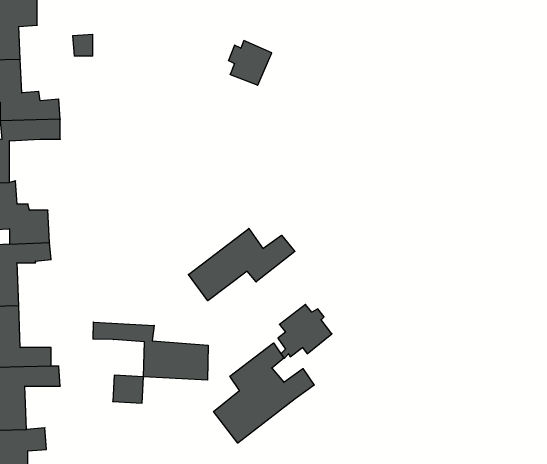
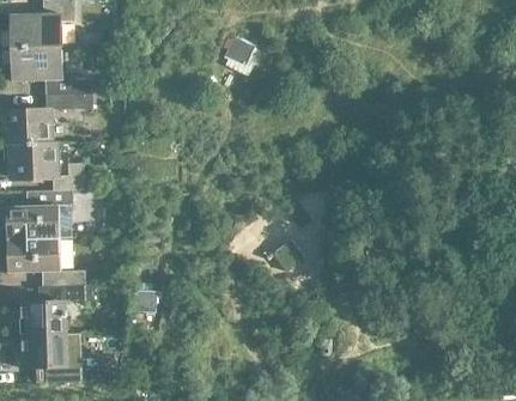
building: [188,228,295,301] -> none
building: [93,322,208,380] -> none
building: [214,343,314,443] -> none

